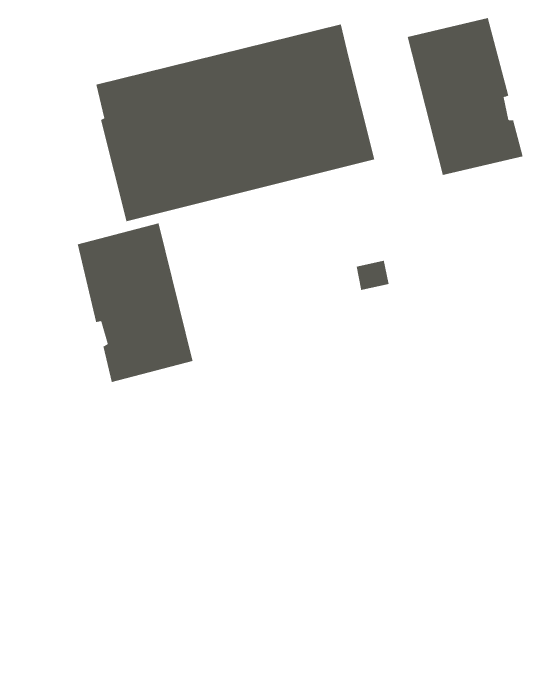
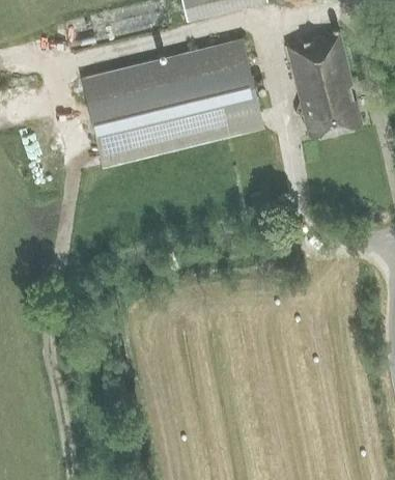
building: [77,222,193,383] -> none

